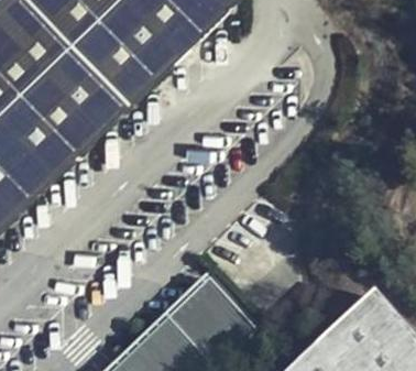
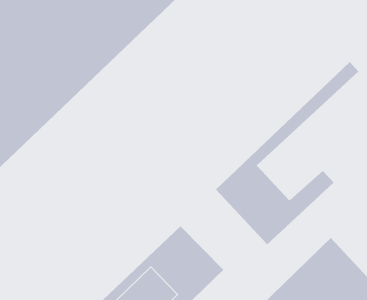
building: none -> [215,61,359,245]

